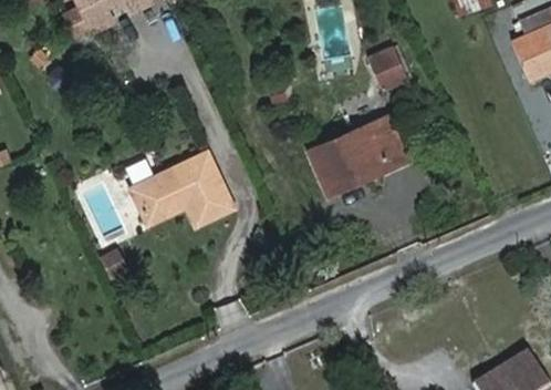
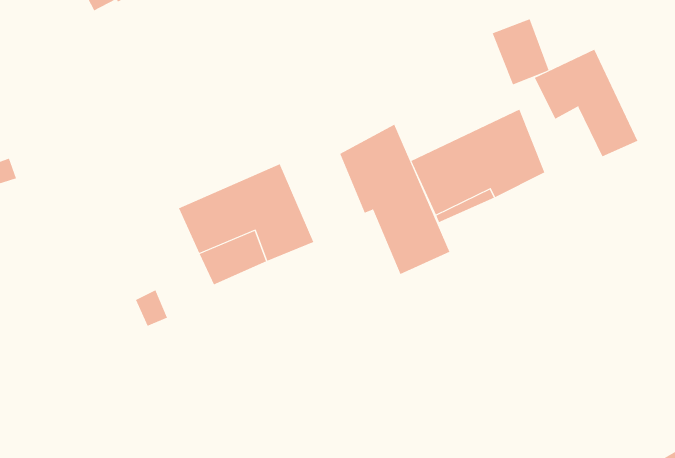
building: none -> [534,49,638,157]
building: none -> [339,124,450,275]

